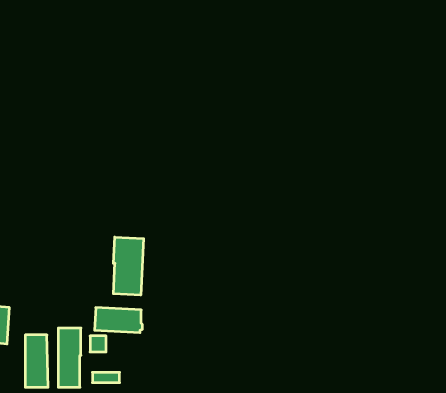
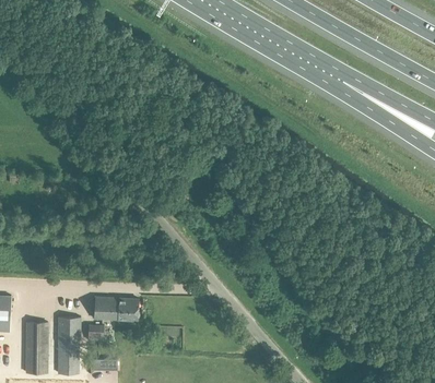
building: [113,237,144,295] -> none

